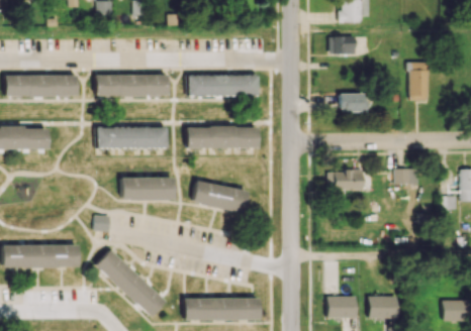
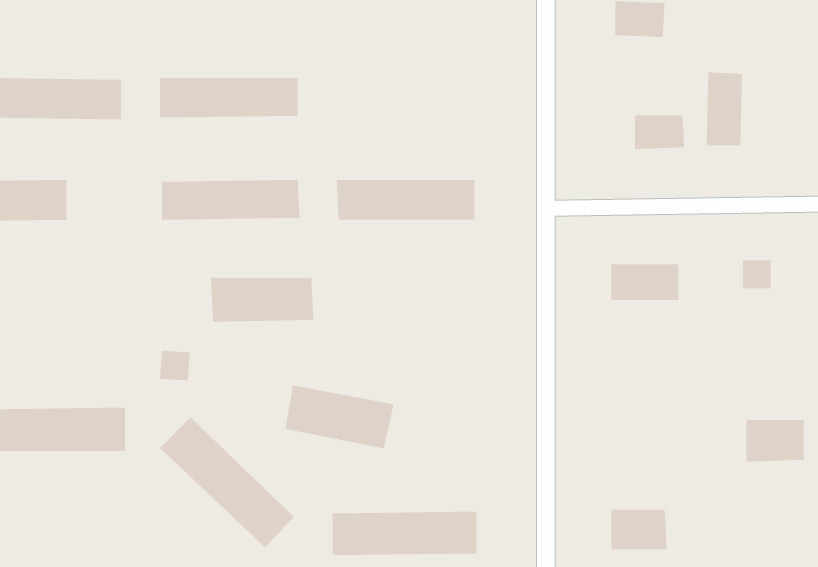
building: [409,62,429,100] -> [706,71,743,146]
building: [187,75,258,97] -> none
building: [192,181,249,214] -> [284,384,394,449]
building: [368,297,398,319] -> [746,419,805,463]

